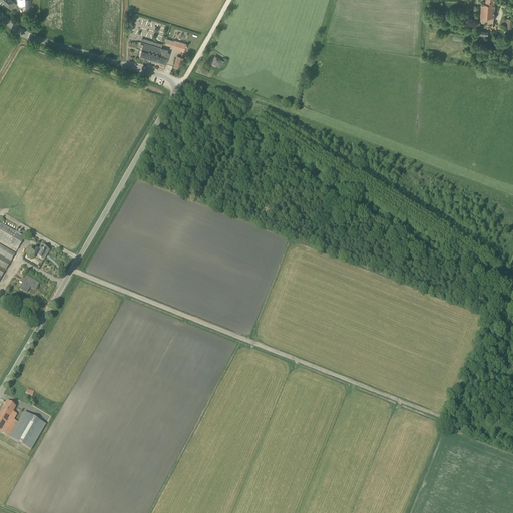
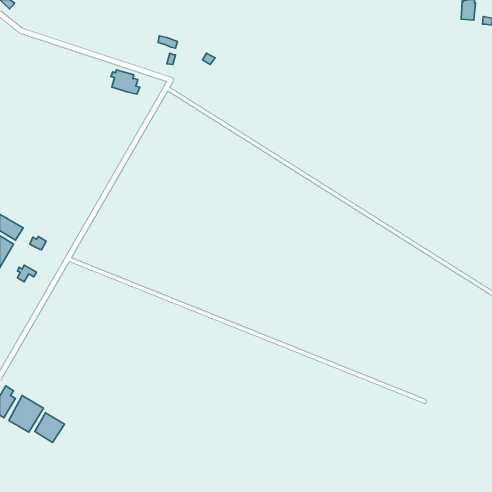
building: [137,38,167,63] -> [111,70,140,94]
building: none -> [35,413,65,442]

